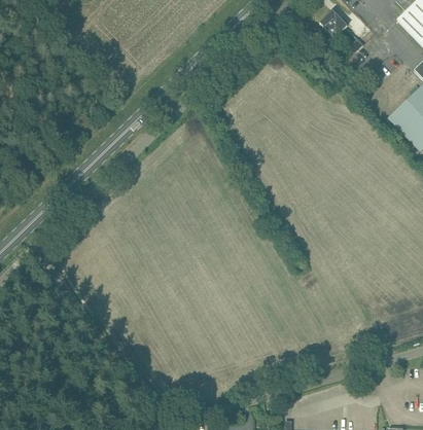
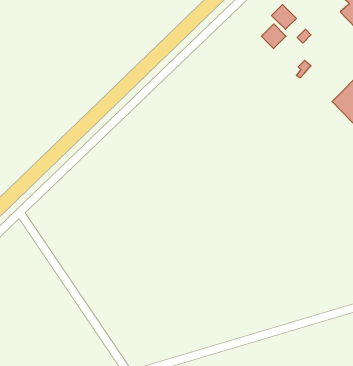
building: none -> [261,24,286,49]

